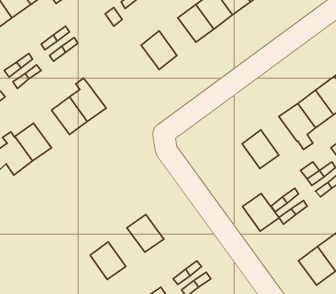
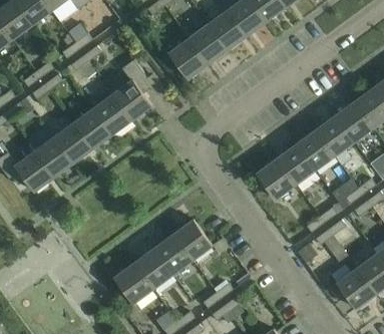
building: none -> [187,24,227,64]
building: none -> [112,59,151,120]
building: none -> [54,122,92,162]
building: none -> [296,129,334,171]
building: [242,193,279,231] -> [256,158,295,199]
building: none -> [173,219,213,260]
building: none -> [133,248,172,289]

